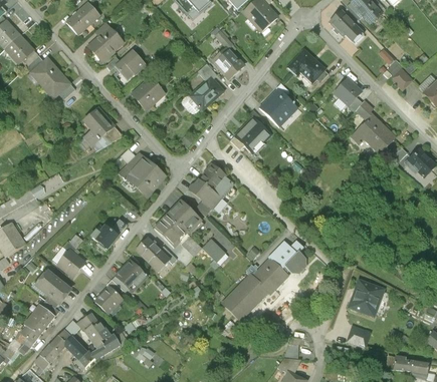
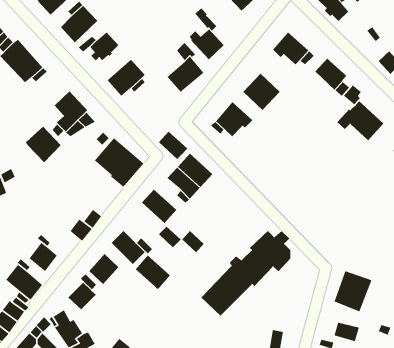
building: none -> [24,126,62,163]
building: none -> [158,131,188,160]
building: [152,213,186,247] -> [135,254,171,290]

